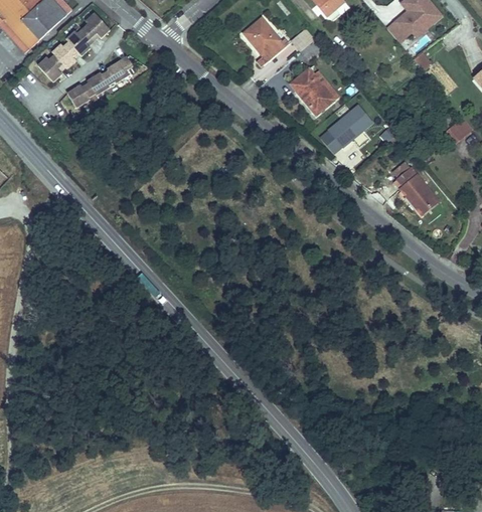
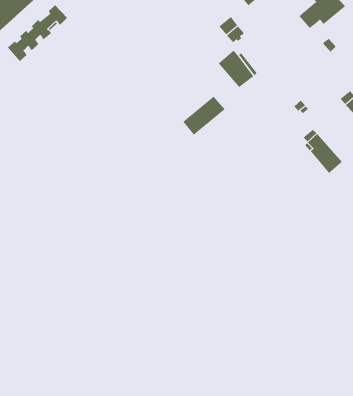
building: [243,18,284,60] -> none
building: [66,55,133,107] -> none
building: [320,106,371,153] -> [183,96,225,135]

